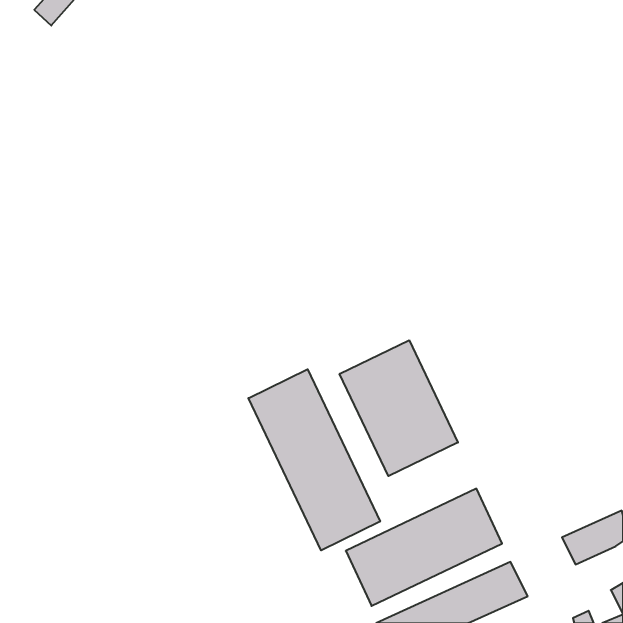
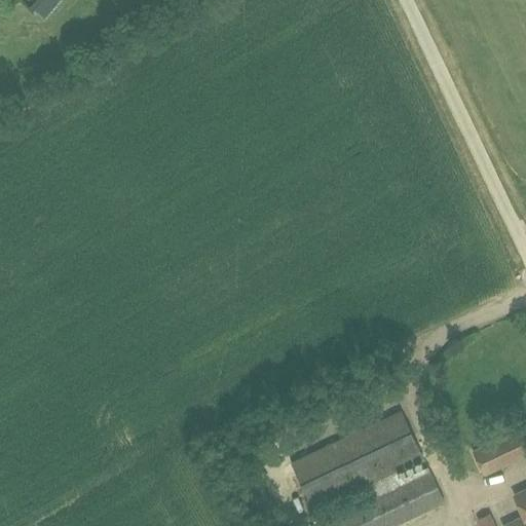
building: [340,340,458,476] -> none
building: [248,369,380,550] -> none

